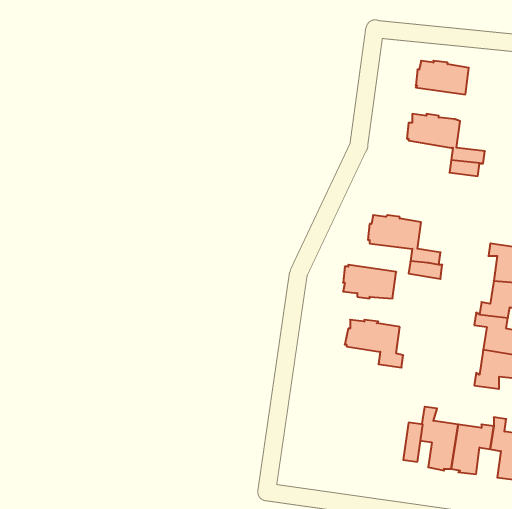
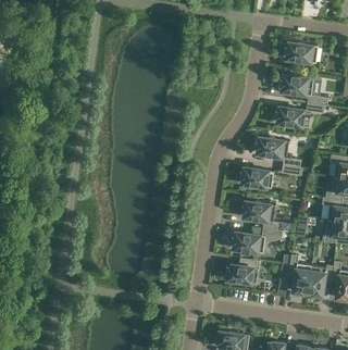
building: none -> [277,107,304,127]
building: none -> [234,228,283,253]
building: none -> [227,258,260,284]

